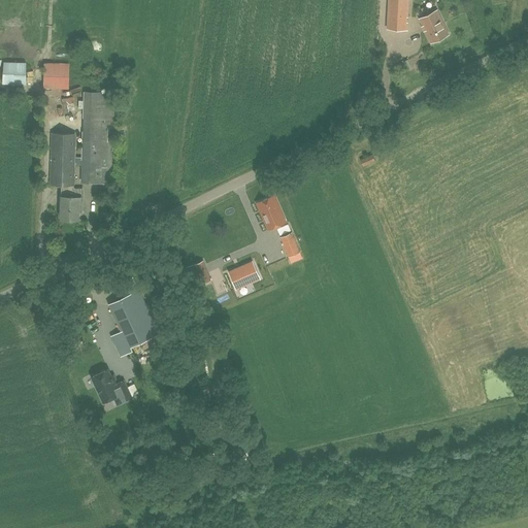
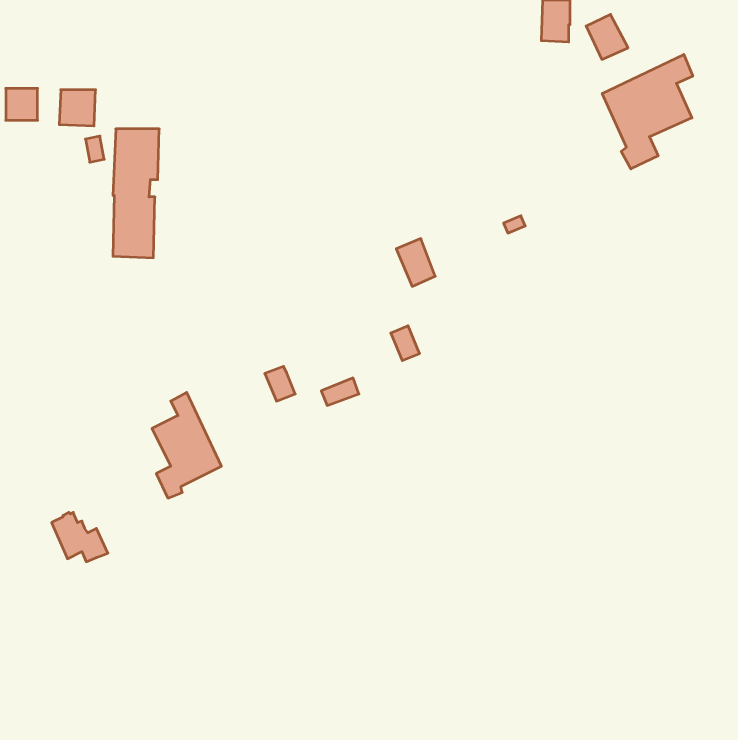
building: none -> [602,54,693,169]
building: [50,133,80,221] -> none
building: [256,195,284,229] -> [396,239,435,286]
building: [91,369,131,404] -> [52,512,108,562]

